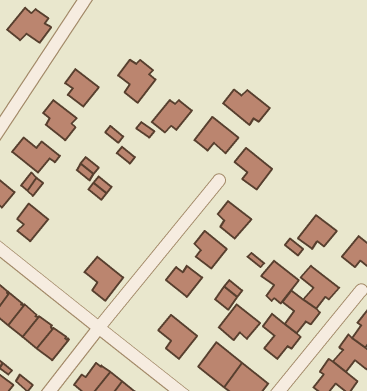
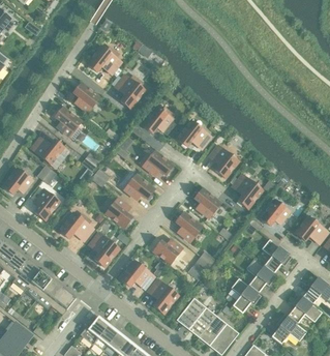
building: [7,8,51,43] -> [86,46,121,73]
building: [223,90,270,125] -> none
building: none -> [140,150,173,176]
building: none -> [124,174,154,201]
building: none -> [106,198,133,228]
building: none -> [58,212,93,241]
building: [261,261,299,303] -> [232,174,262,208]
building: none -> [119,260,154,289]
building: [219,304,260,340] -> none

